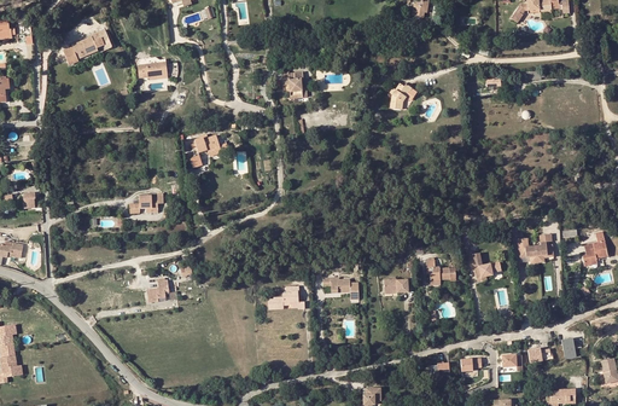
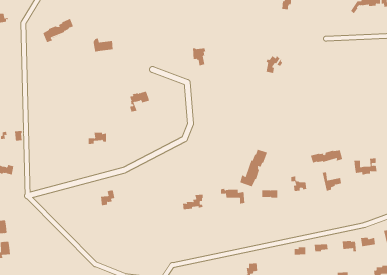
building: none -> [239,149,268,187]
building: none -> [310,149,343,163]

